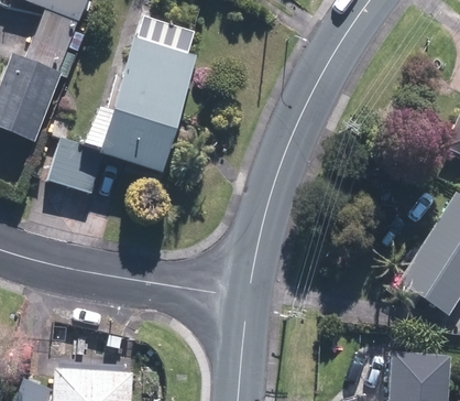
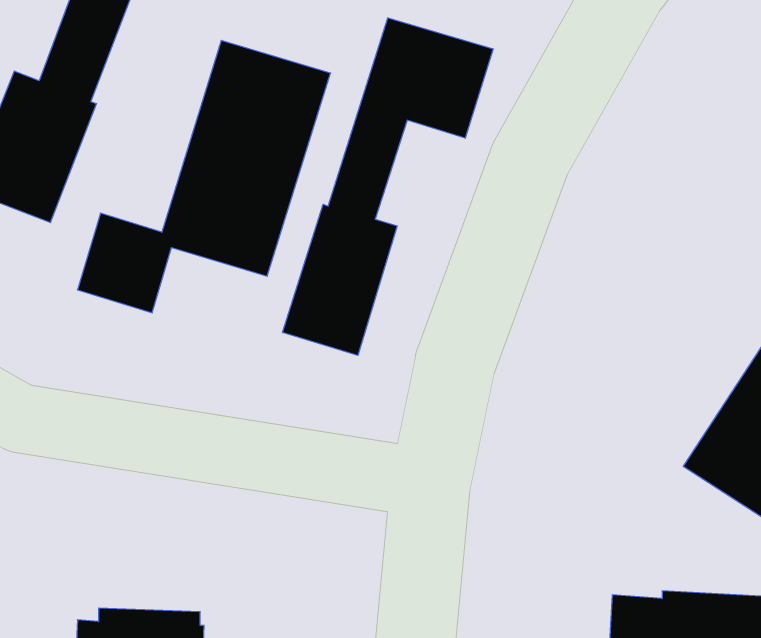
building: none -> [283,18,493,355]

